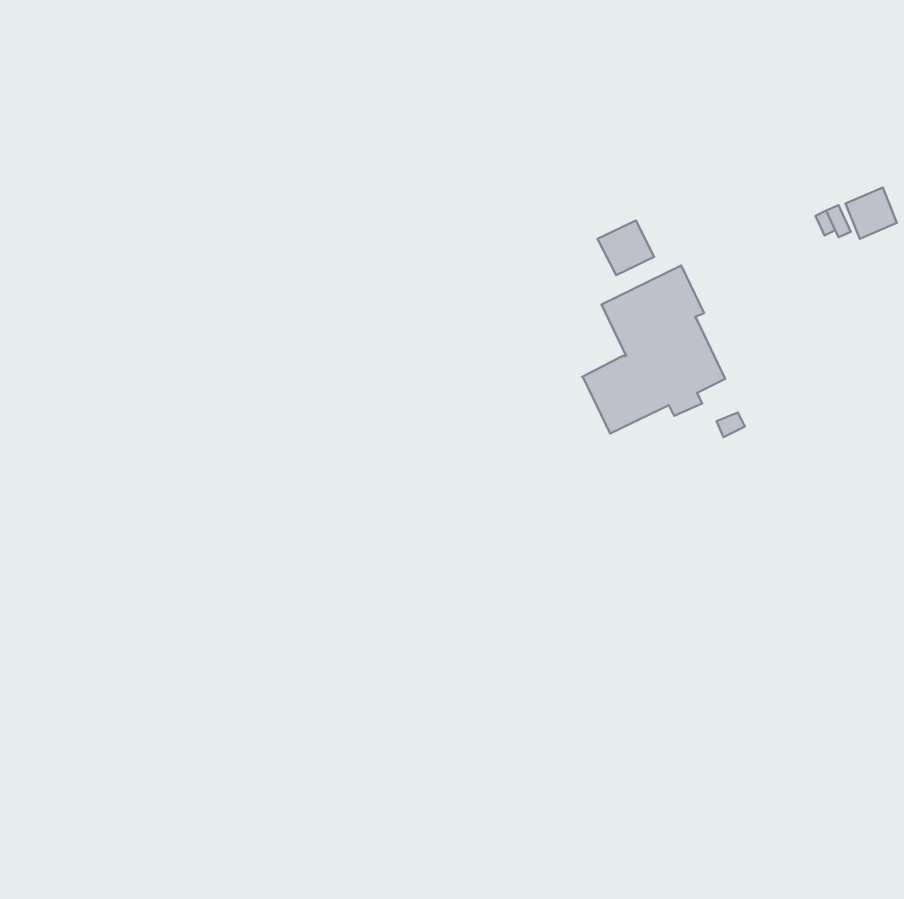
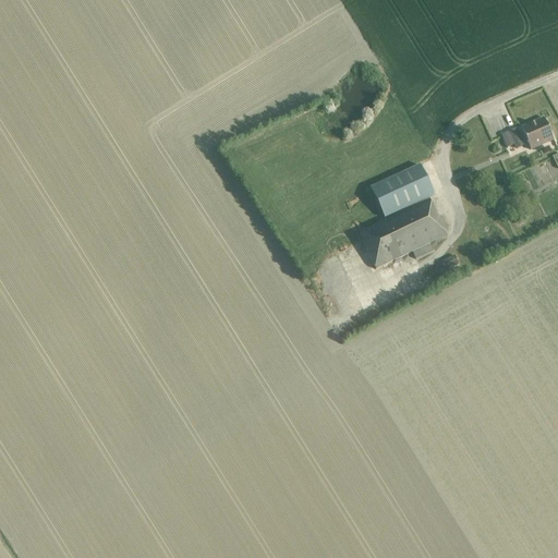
building: [598,220,654,275] -> none

